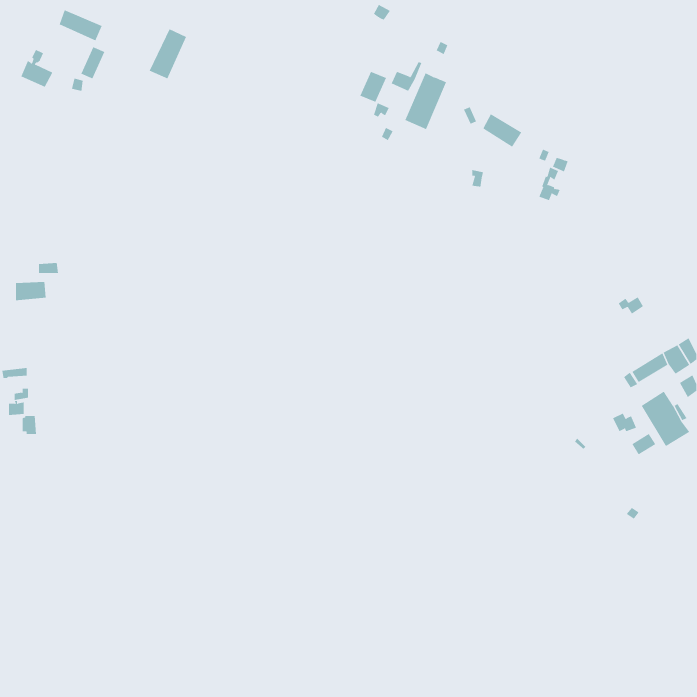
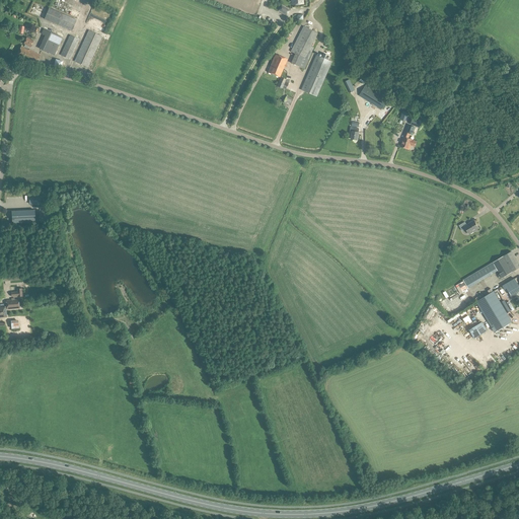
building: [149,28,187,79] -> [73,29,101,67]
building: none -> [290,25,317,57]
building: none -> [39,27,62,55]

